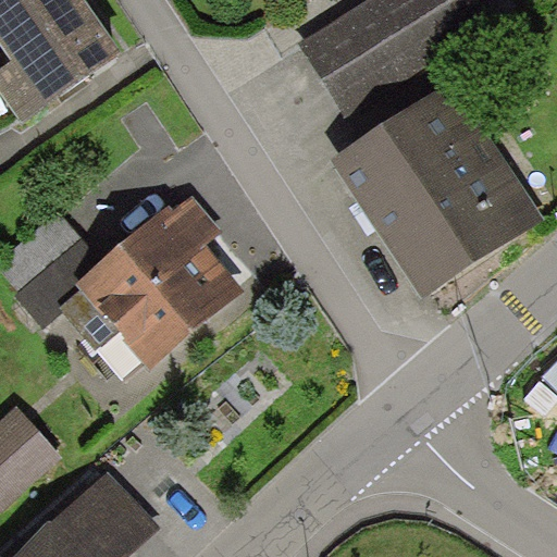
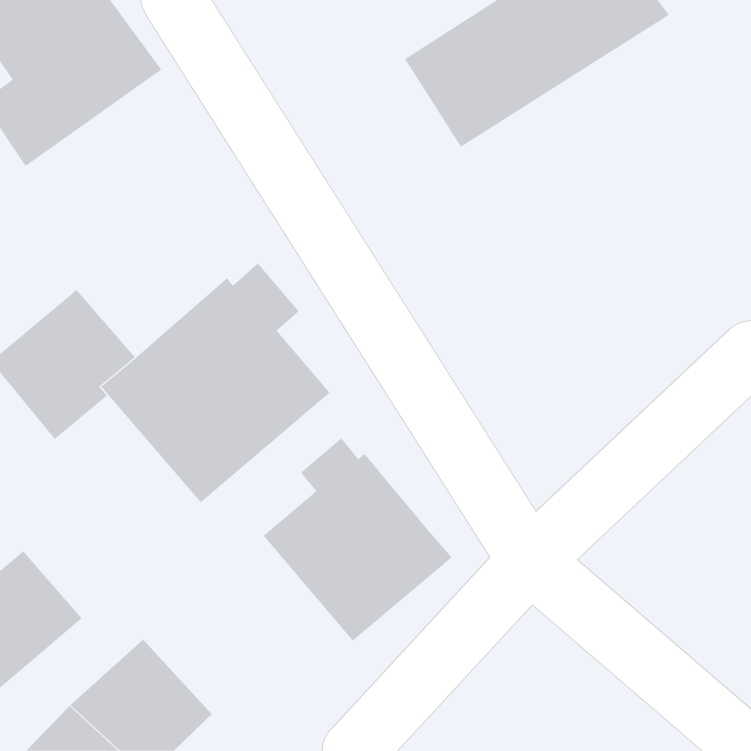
building: [331,81,543,298] -> none
building: none -> [263,437,452,641]

